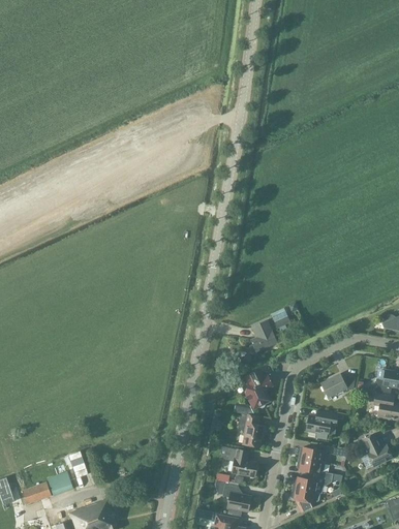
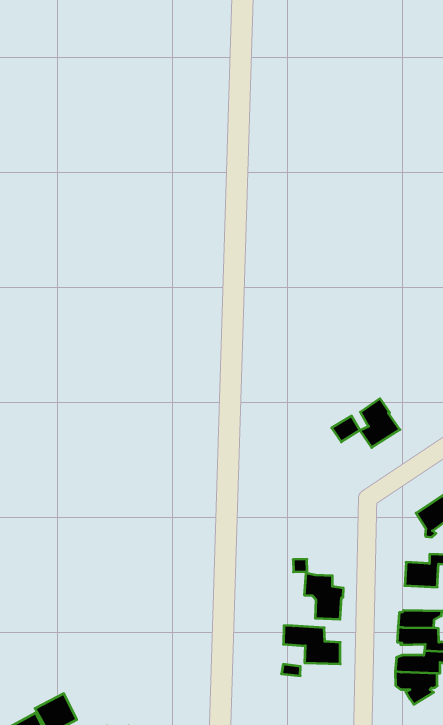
building: [250,320,277,352] -> [360,399,400,448]
building: [245,370,273,408] -> none
building: [223,484,251,511] -> none

